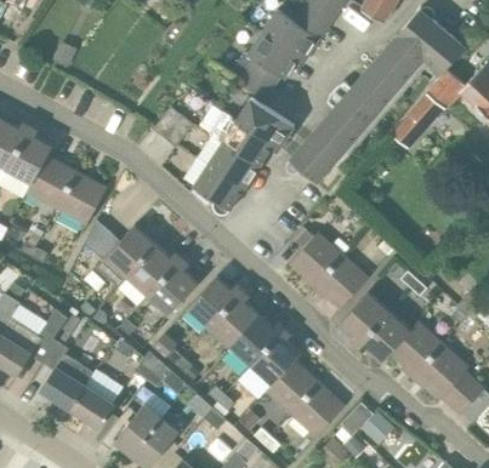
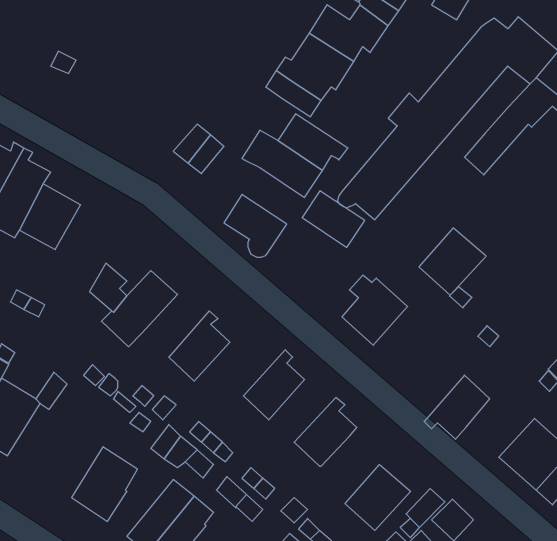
building: [207,142,258,188] -> [302,191,365,247]
building: [56,172,107,226] -> none
building: [126,245,181,296] -> none
building: [314,255,369,309] -> [419,228,486,295]
building: [187,276,243,327] -> none
building: [339,292,388,348] -> none
building: [229,314,284,365] -> none
building: [390,321,445,377] -> none
building: [39,341,92,410] -> none
building: [265,360,319,415] -> none

